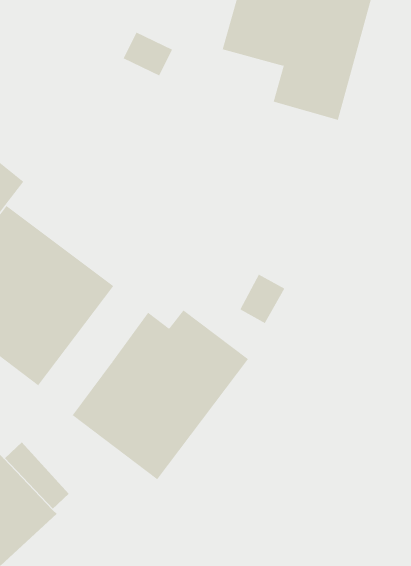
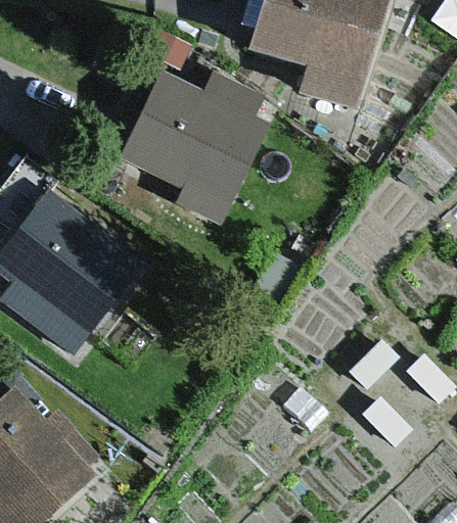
building: none -> [119,73,270,224]
building: [72,310,249,480] -> none

